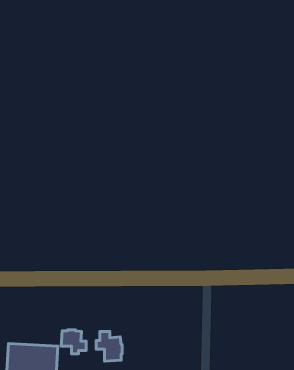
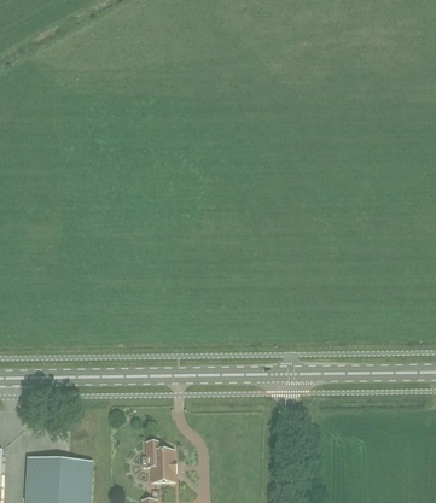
building: [61,330,86,354] -> none

